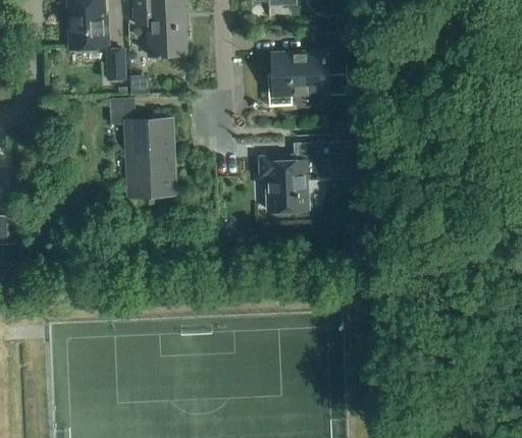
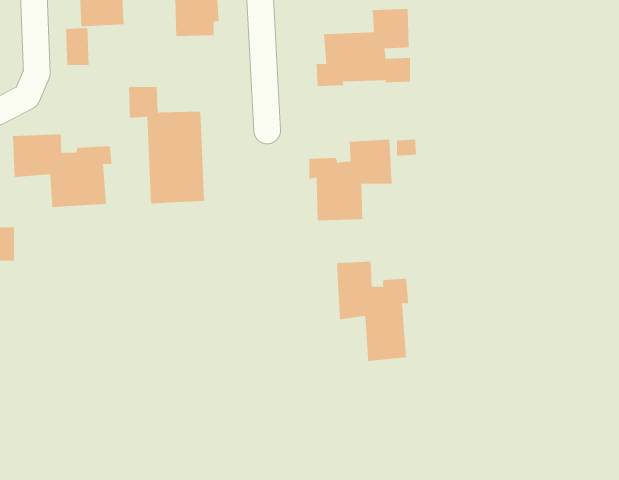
building: [105,49,125,80] -> [65,28,90,65]
building: none -> [12,134,112,208]
building: none -> [336,261,409,362]

